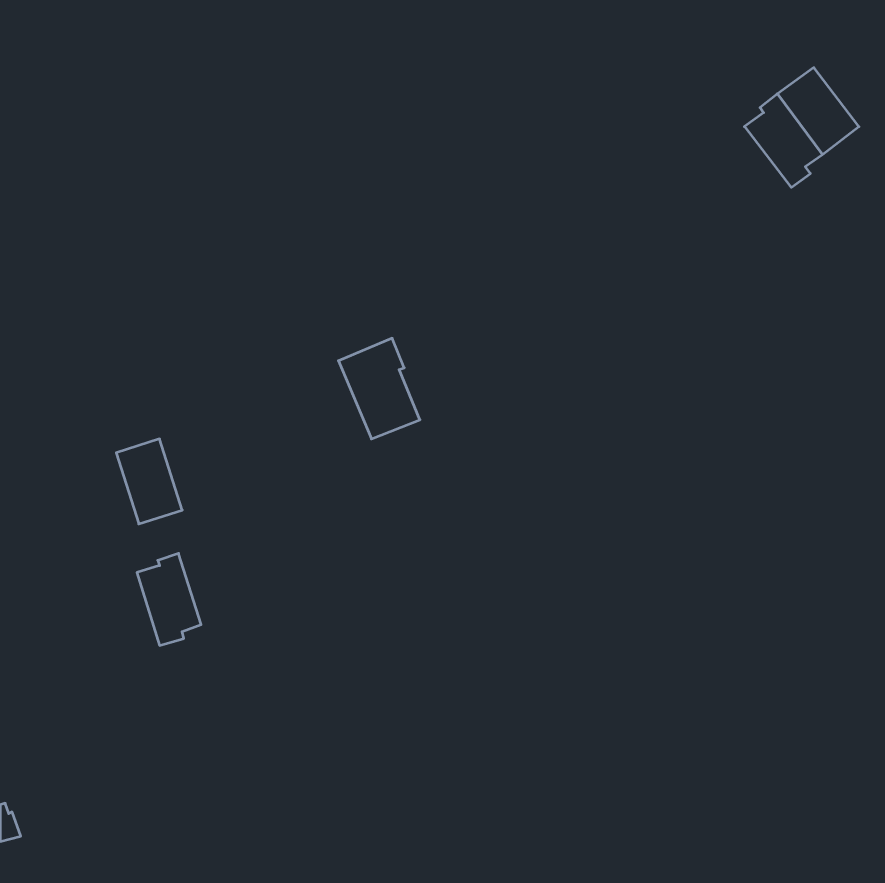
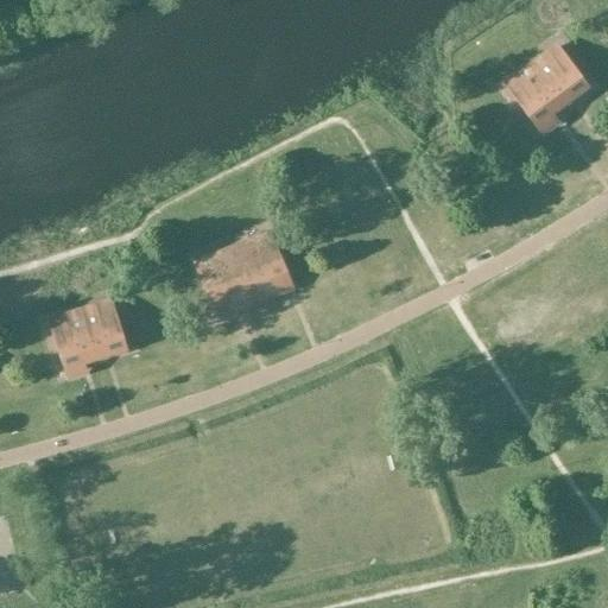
building: none -> [196,247,255,315]
building: [137,553,201,645] -> [52,310,96,373]

